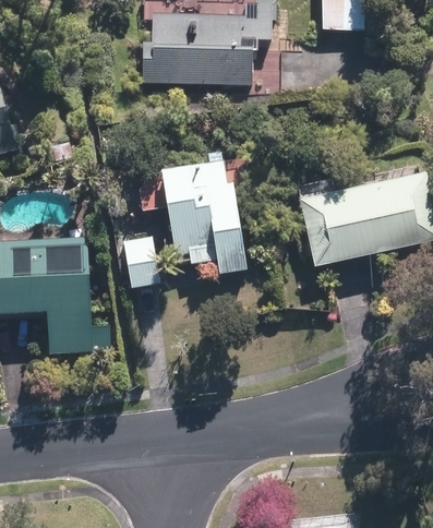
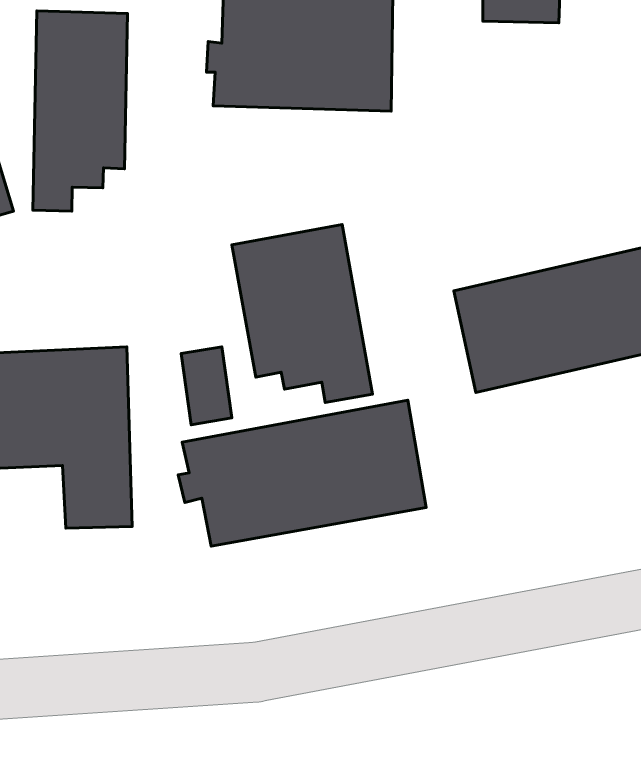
building: none -> [33,11,128,211]
building: none -> [178,400,426,546]

